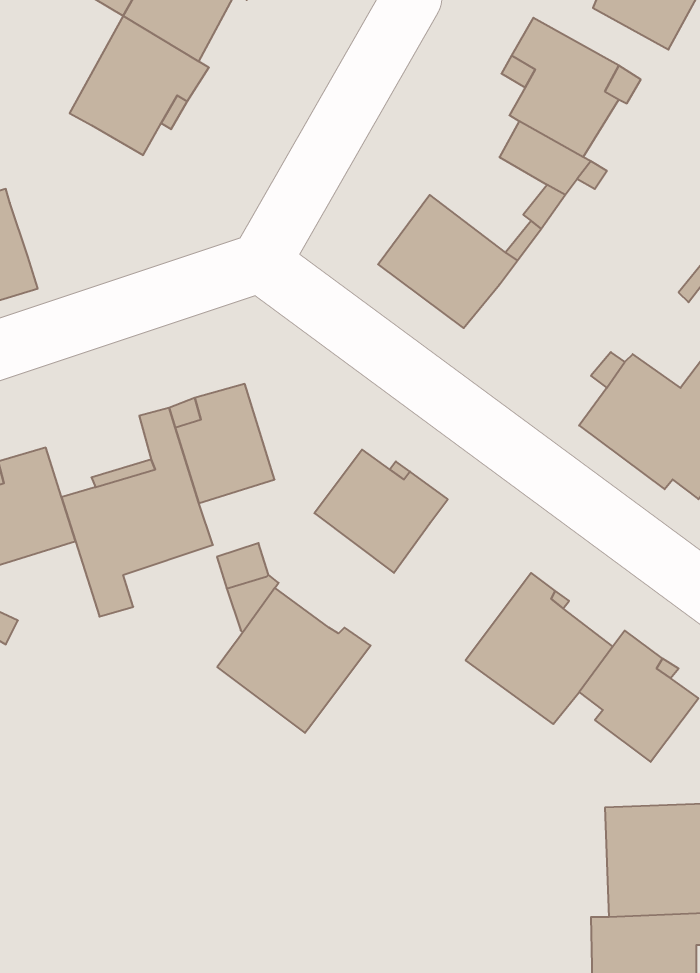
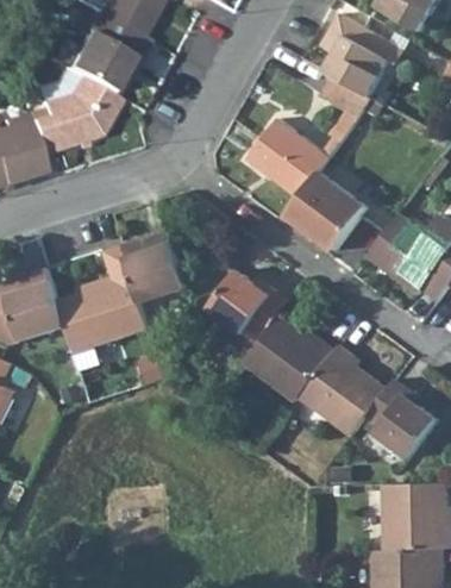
building: none -> [25,69,117,156]
building: none -> [286,173,365,250]
building: [217,588,371,733] -> [242,315,333,402]

